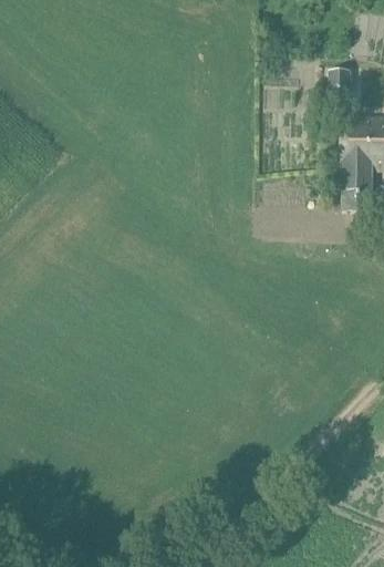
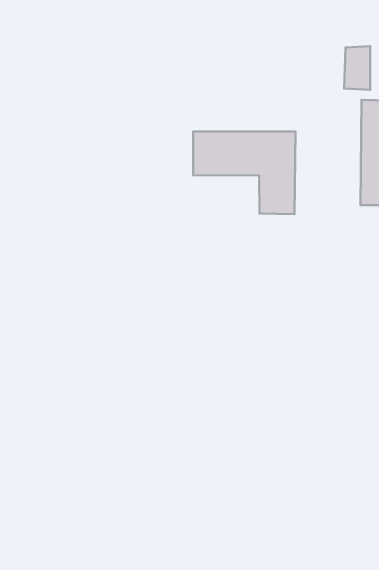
building: none -> [193,131,296,214]

